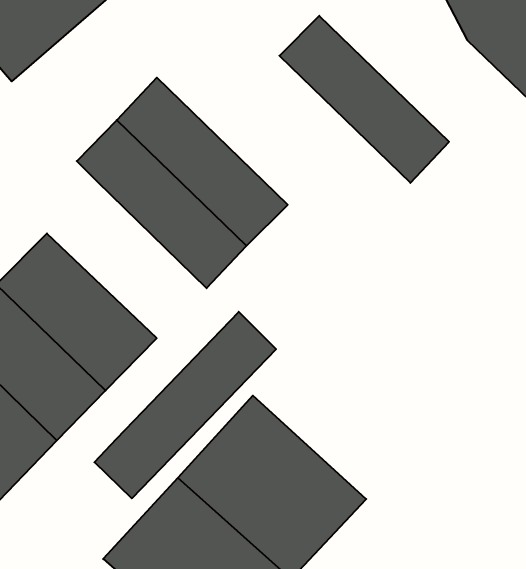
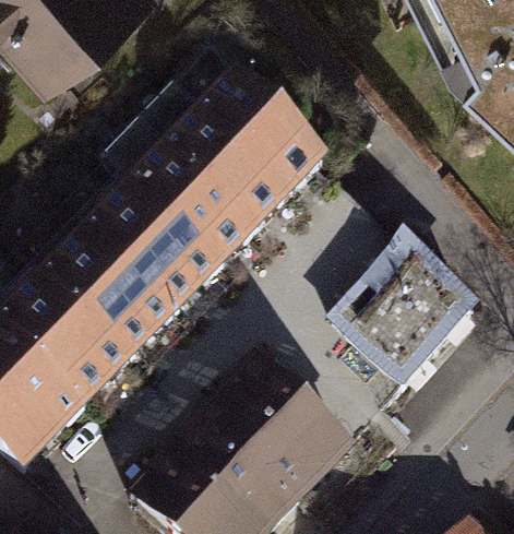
building: [279,16,449,183] -> [176,46,324,192]
building: none -> [80,171,219,309]
building: none -> [333,238,487,392]
building: [94,312,276,498] -> none

